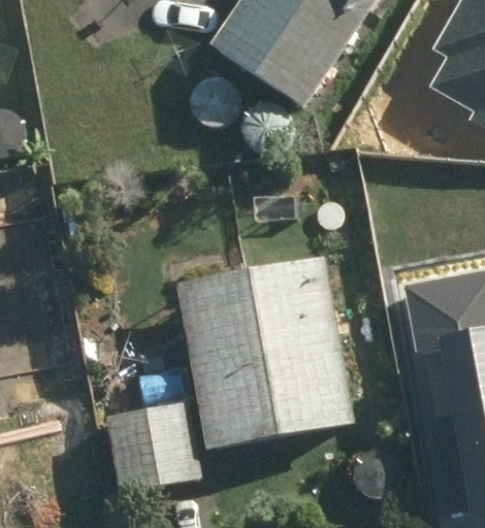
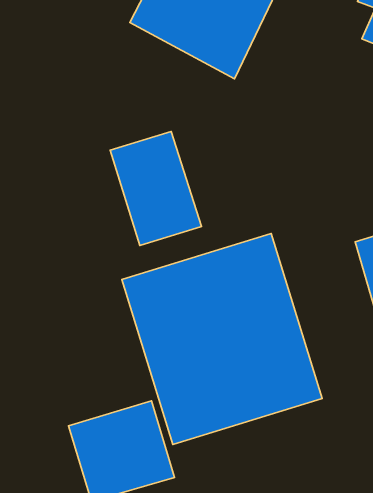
building: none -> [110,131,201,245]

